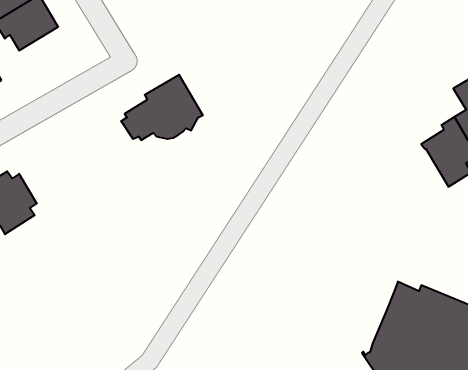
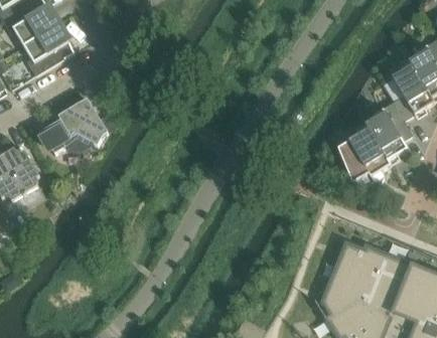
building: none -> [23,24,72,74]
building: [121,75,203,140] -> [37,98,107,153]
building: none -> [336,128,391,195]

